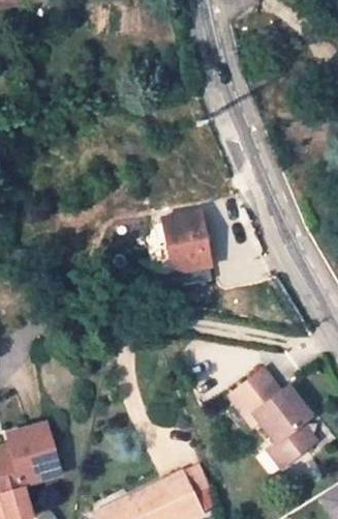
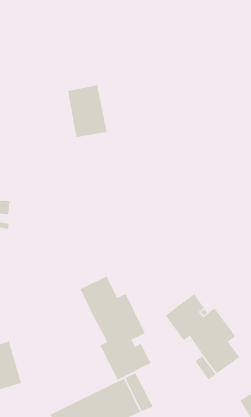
building: [164,211,212,273] -> [67,85,107,137]
building: none -> [80,276,151,380]

